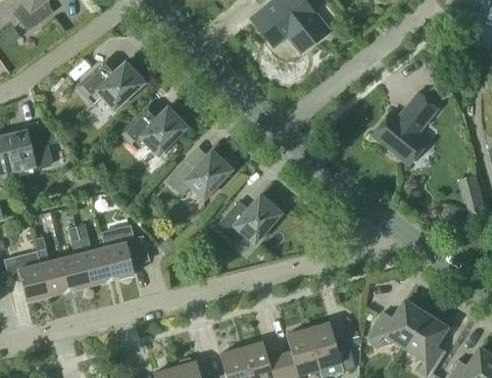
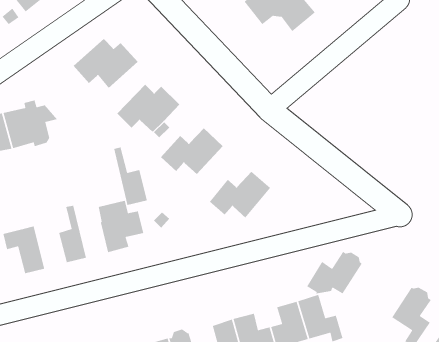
building: [372,93,438,166] -> none
building: [77,224,112,285] -> [113,146,148,206]
building: [37,249,69,296] -> none
building: [366,301,425,346] -> [306,251,363,295]

